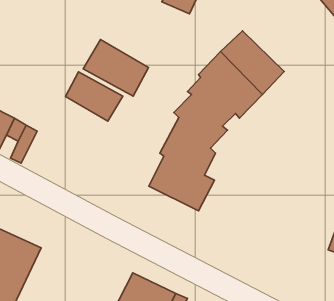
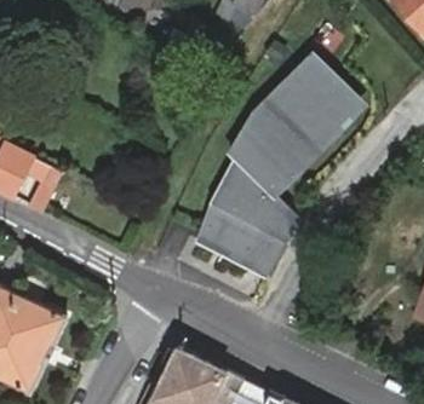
building: [83,39,148,96] -> none
building: [65,72,123,121] -> none

